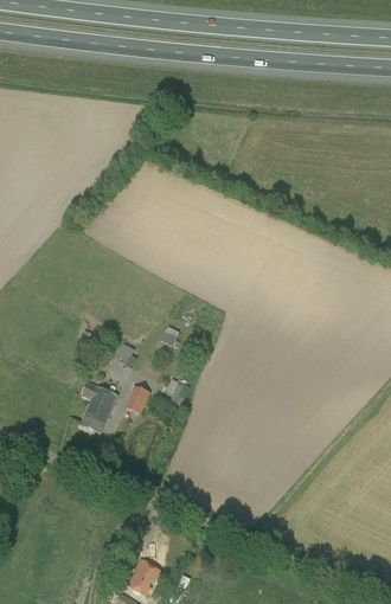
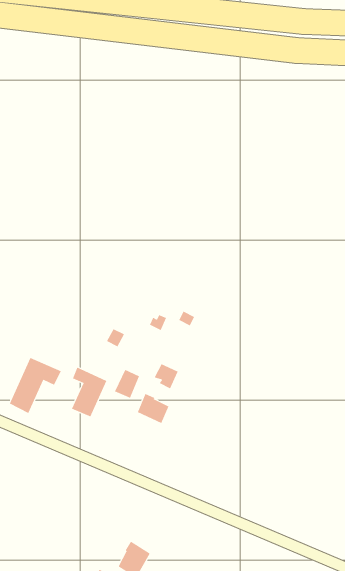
building: none -> [9,357,61,414]
building: none -> [137,393,169,424]

